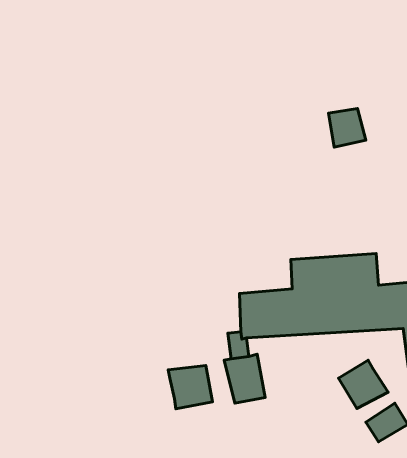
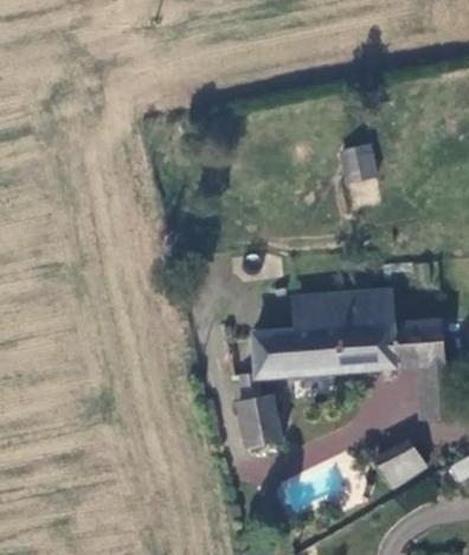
building: [338,360,388,408] -> none
building: [168,366,213,409] -> none

